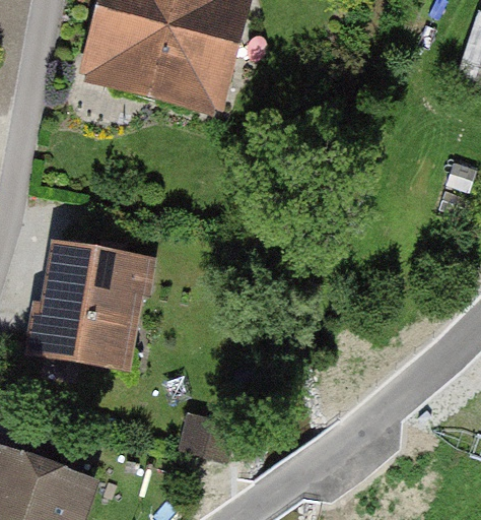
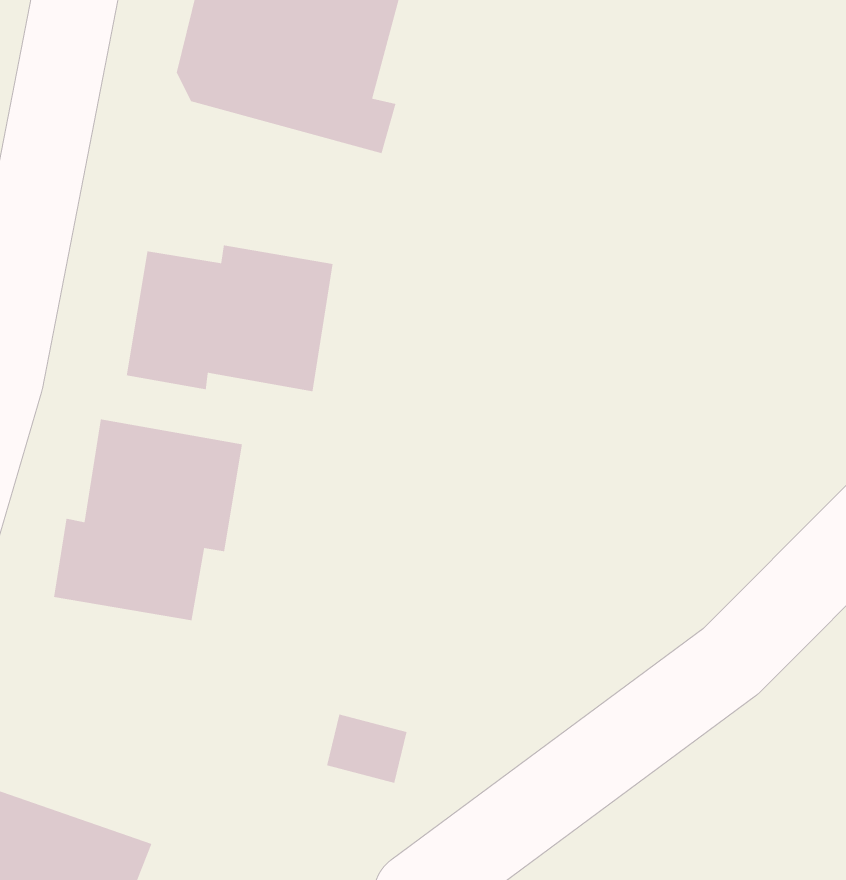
building: none -> [126,245,334,392]

